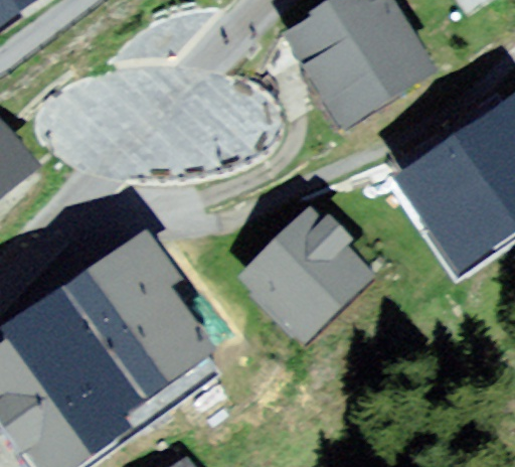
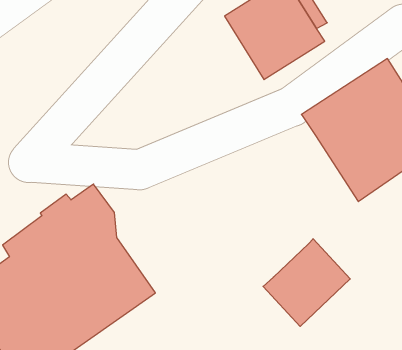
building: [256,228,356,335] -> none
building: none -> [263,239,350,326]

